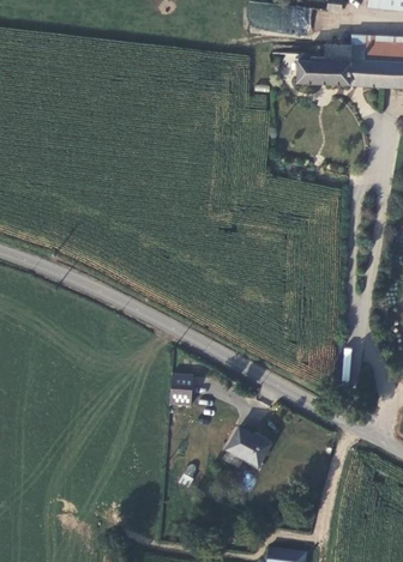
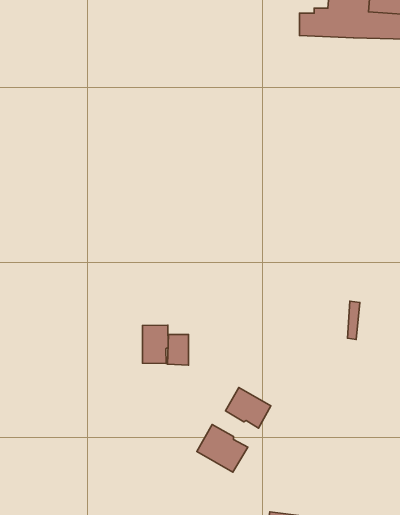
building: none -> [143,325,168,364]
building: none -> [197,425,248,472]

